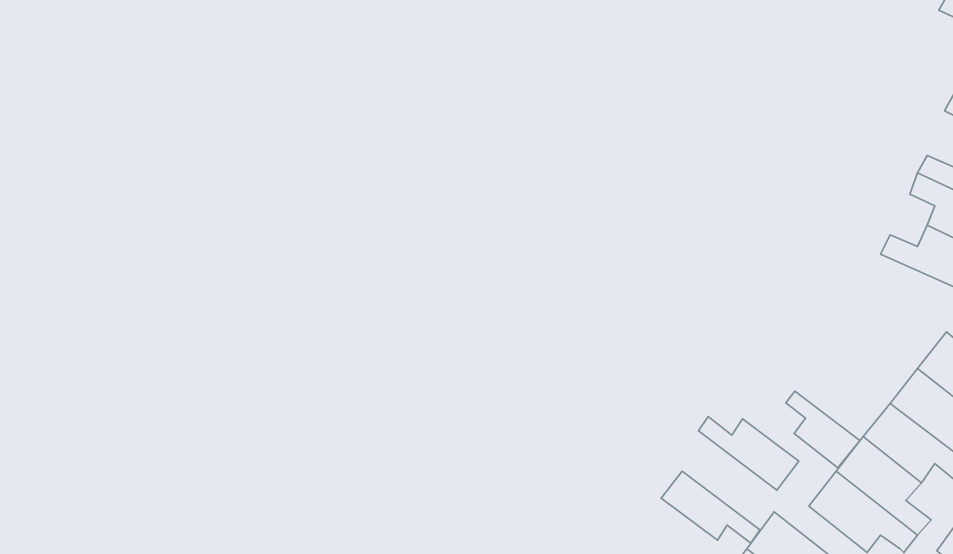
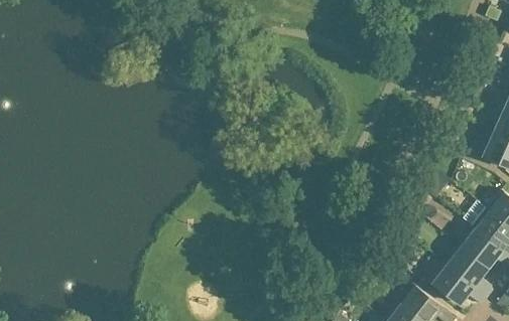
building: [786,391,860,468] -> none
building: [699,417,799,490] -> none
building: [661,471,760,543] -> none

